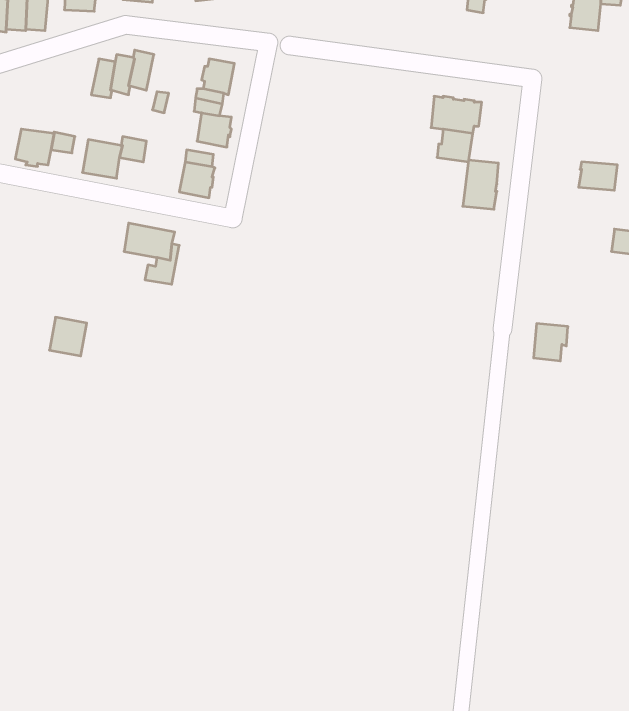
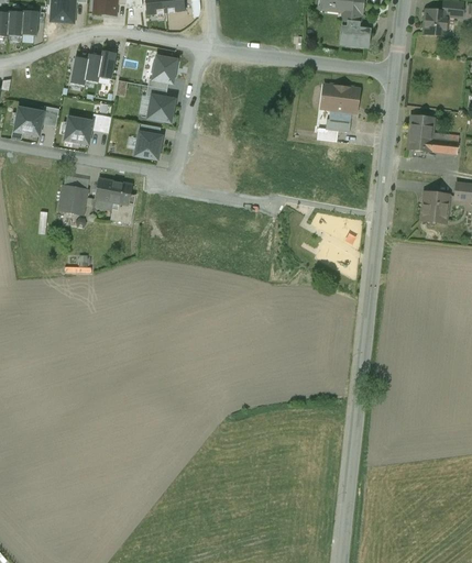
building: none -> [339,20,370,47]
building: [463,160,498,209] -> [407,114,433,151]
building: [49,317,87,356] -> [59,185,87,213]
building: [534,324,568,361] -> [422,191,448,219]

